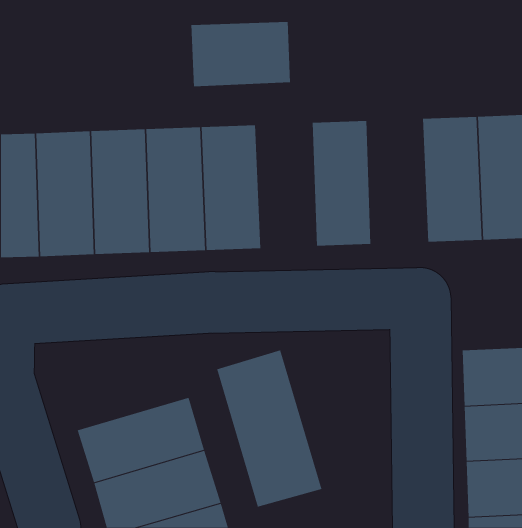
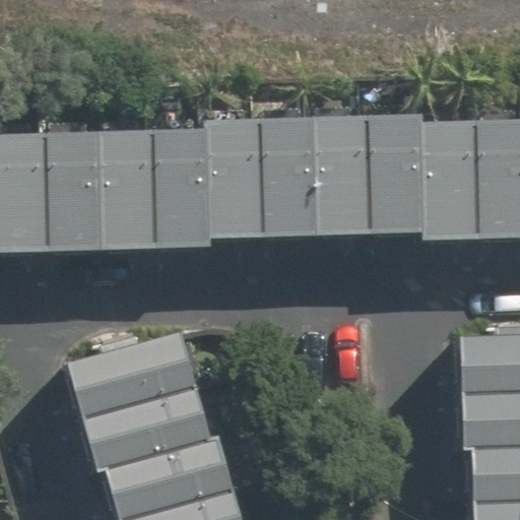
building: [191,21,291,87] -> none
building: none -> [368,116,427,239]
building: none -> [259,120,318,243]
building: none -> [69,335,194,420]
building: [217,350,322,508] -> none

